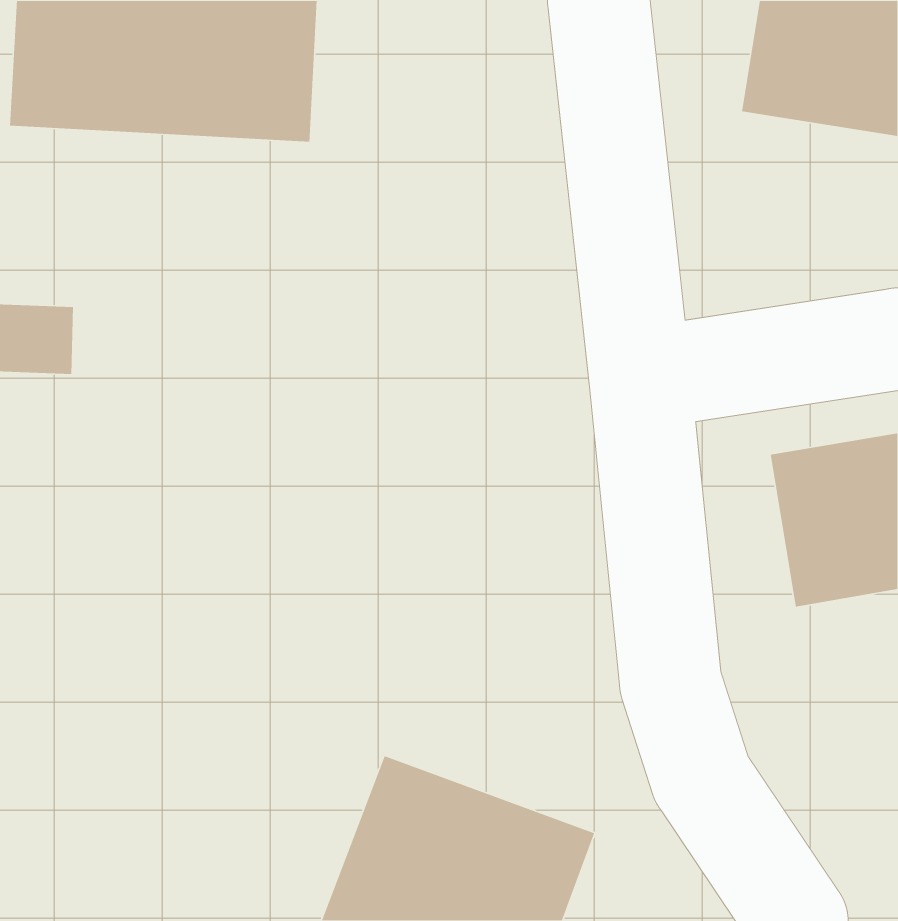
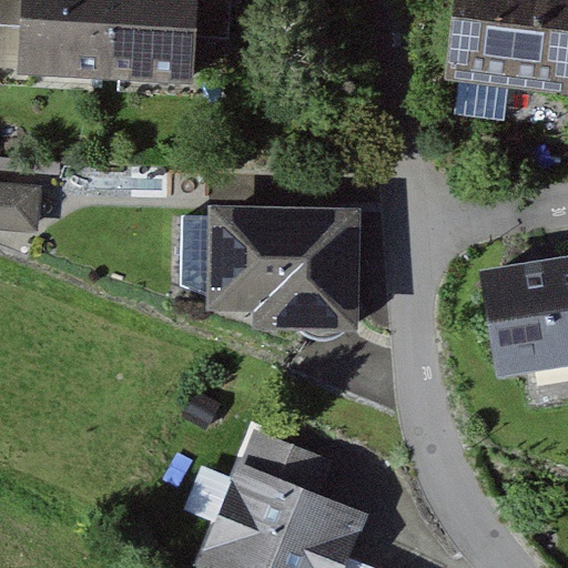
building: none -> [217,203,366,335]

